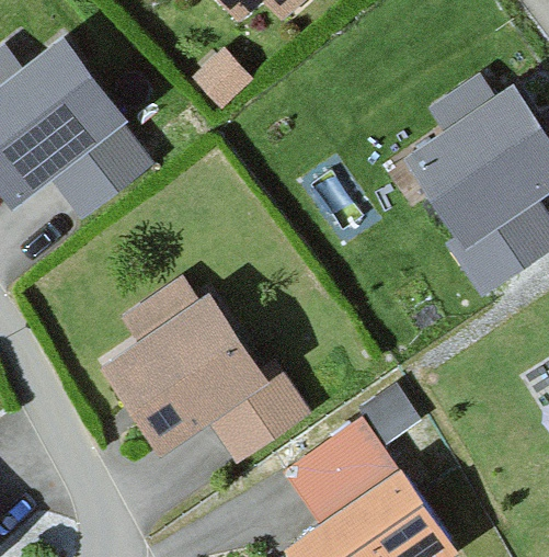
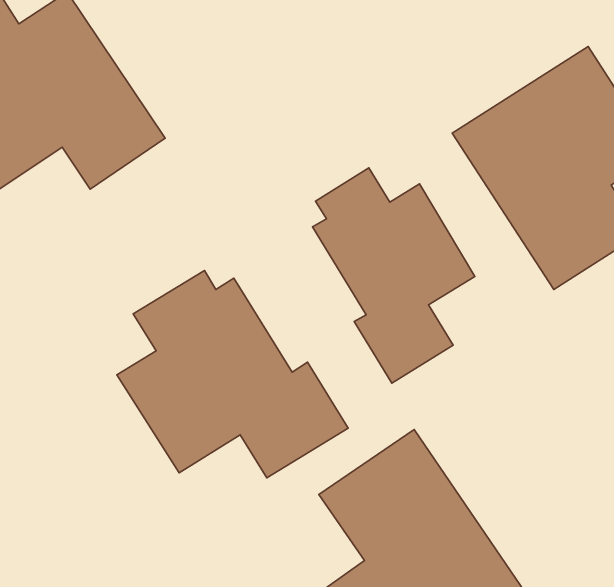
building: none -> [313,168,475,383]

